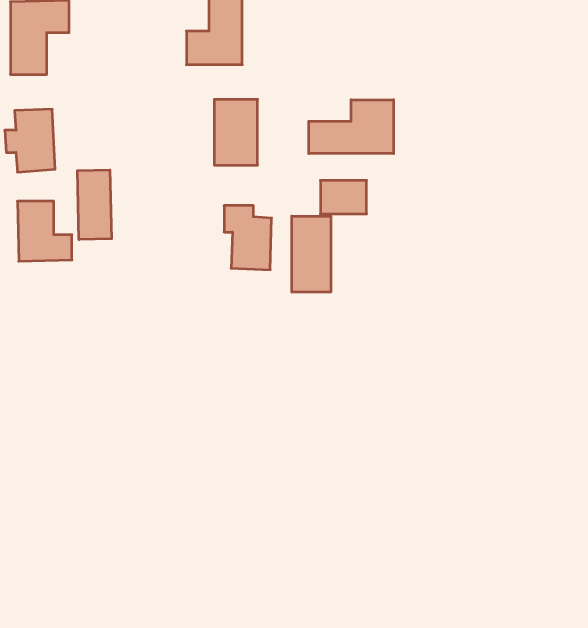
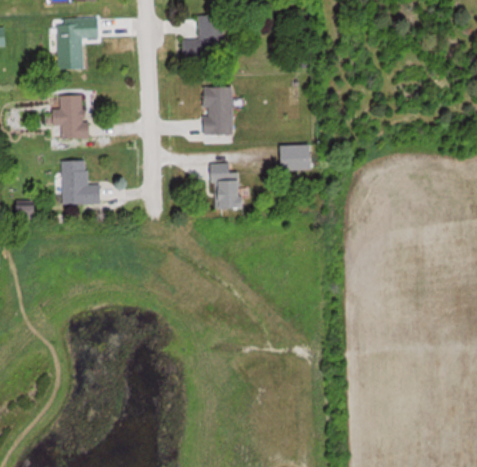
building: [309,100,394,154] -> none
building: [77,170,112,240] -> none
building: [292,216,331,292] -> none

